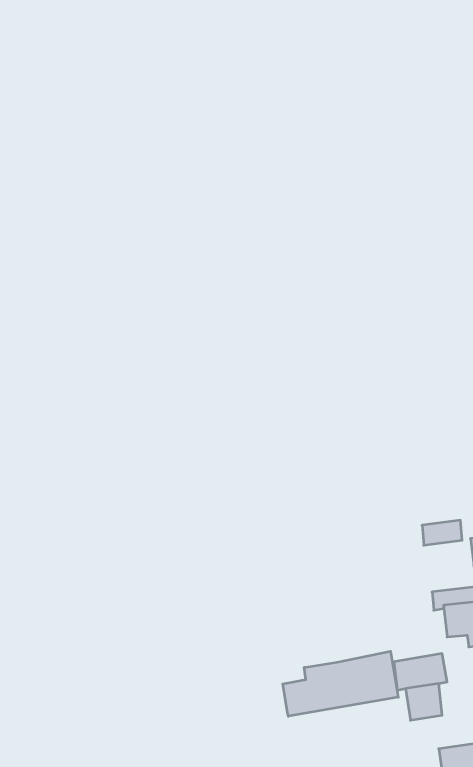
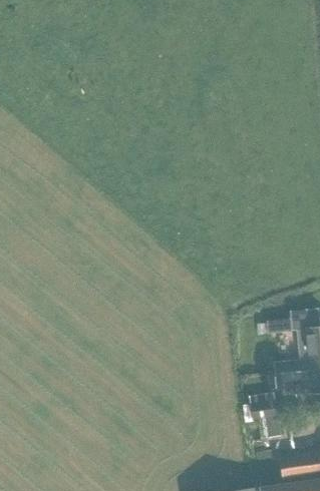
building: [283,651,398,716] -> none

